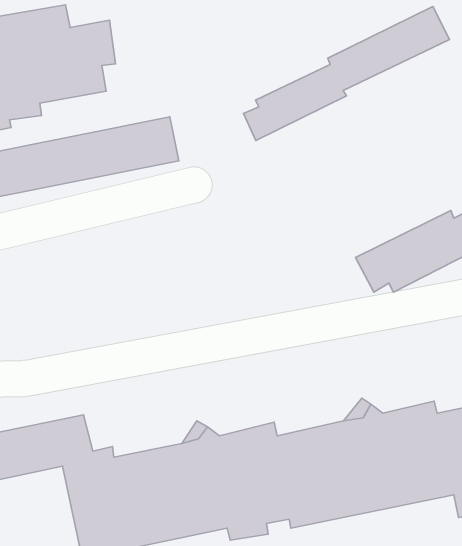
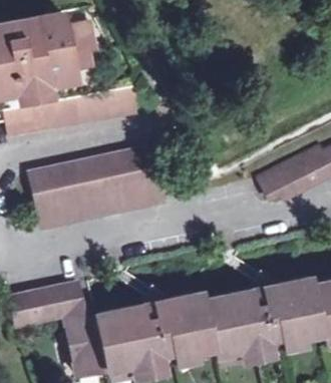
building: [243,6,450,140] -> none
building: none -> [30,150,161,228]

